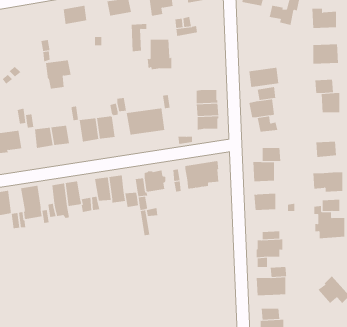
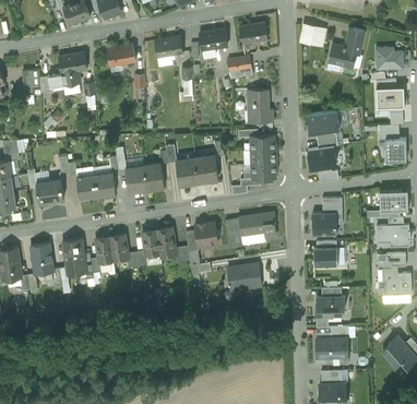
building: [147,39,172,70] -> [245,90,272,122]
building: [45,60,72,89] -> [59,52,87,84]
building: none -> [227,265,262,289]

